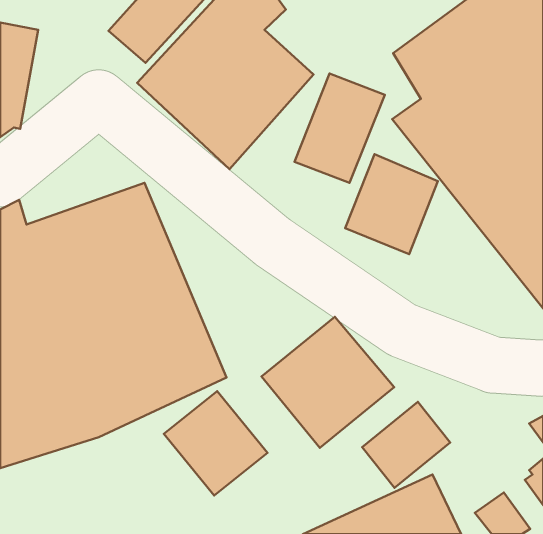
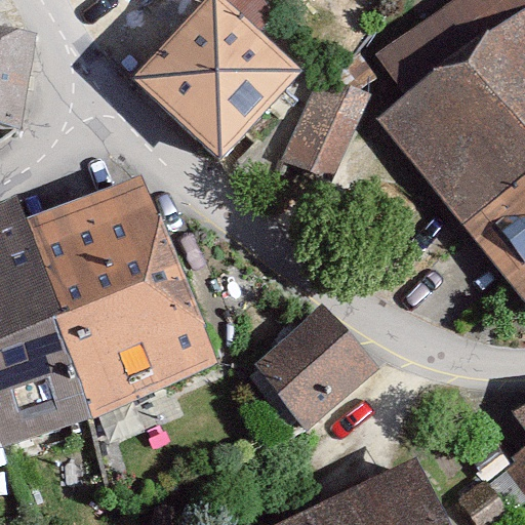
building: [345,154,438,254] -> none
building: [164,391,267,496] -> none
building: [362,402,450,488] -> none

